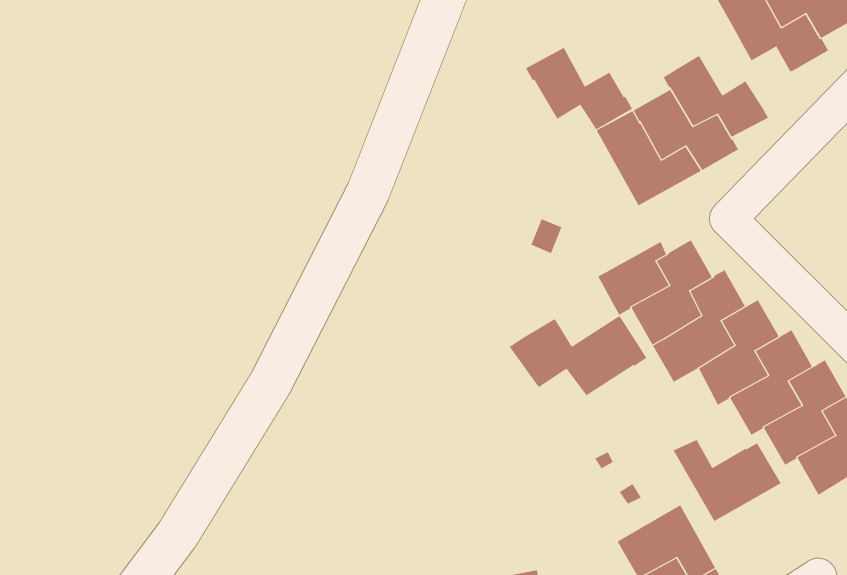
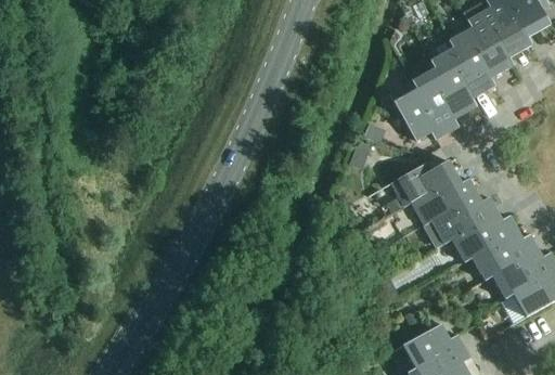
building: [525,47,633,130] -> [448,27,514,78]
building: [509,315,647,396] -> none
building: [673,439,782,522] -> none

